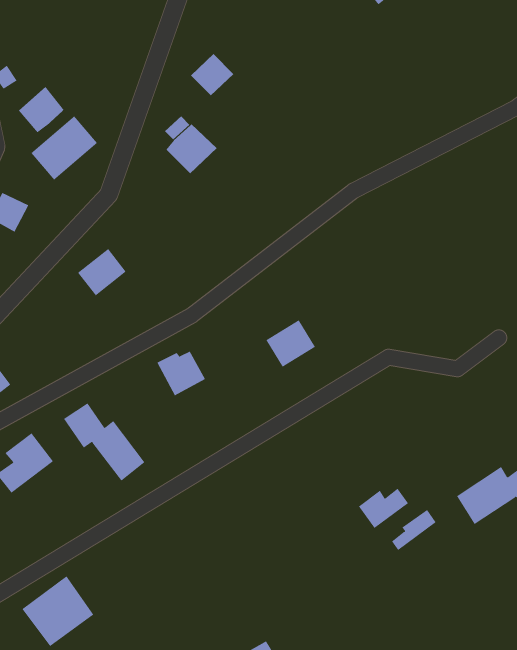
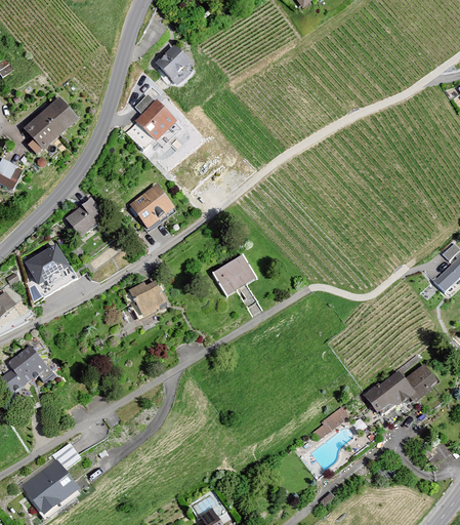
building: [18,86,65,133] -> none
building: none -> [128,185,172,228]
building: none -> [22,244,66,285]
building: [63,402,145,481] -> none
building: [358,488,409,529] -> none

